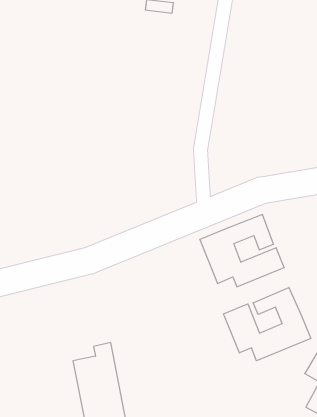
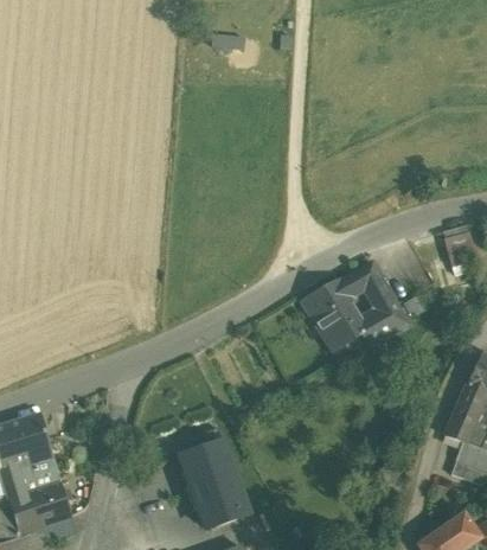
building: [223,287,311,361] -> none

